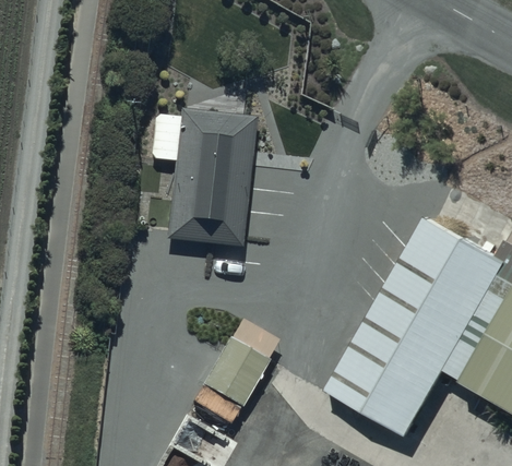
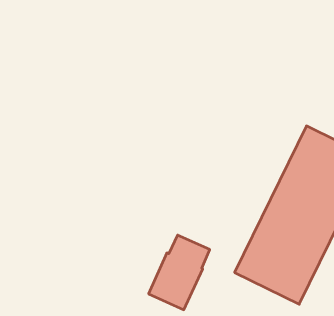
building: [163,121,269,260] -> none

